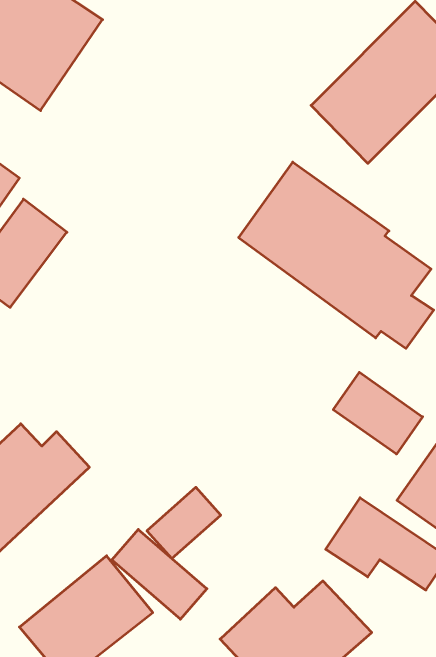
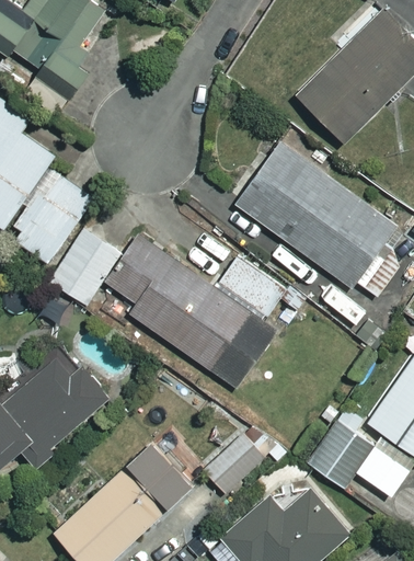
building: none -> [47,226,120,305]
building: none -> [107,237,281,388]
building: [333,372,423,454] -> none
building: [147,487,221,559] -> [203,433,264,492]

